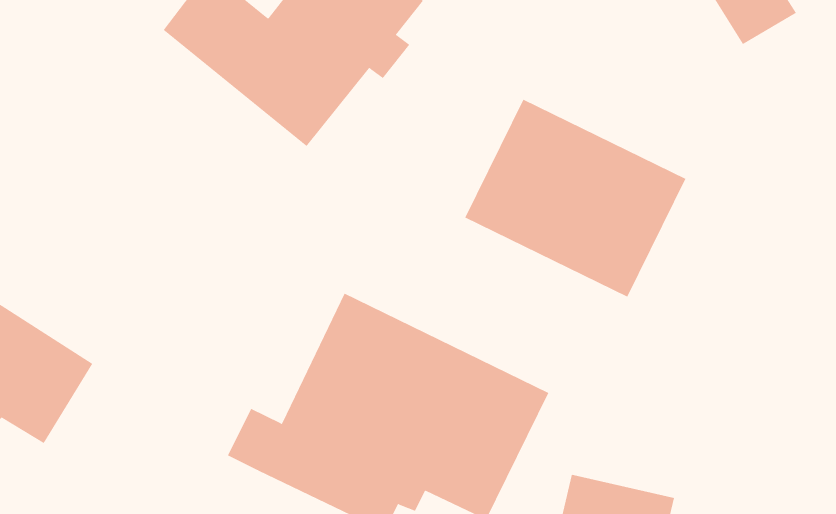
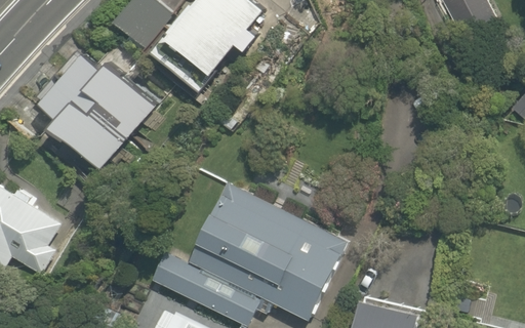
building: none -> [37,52,157,172]
building: [465,99,686,298] -> none

